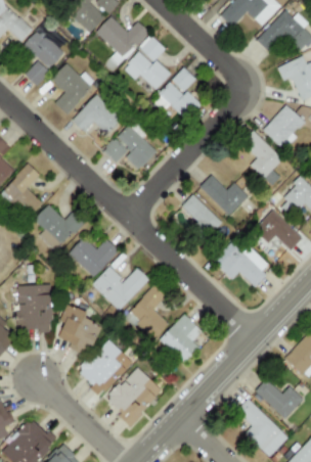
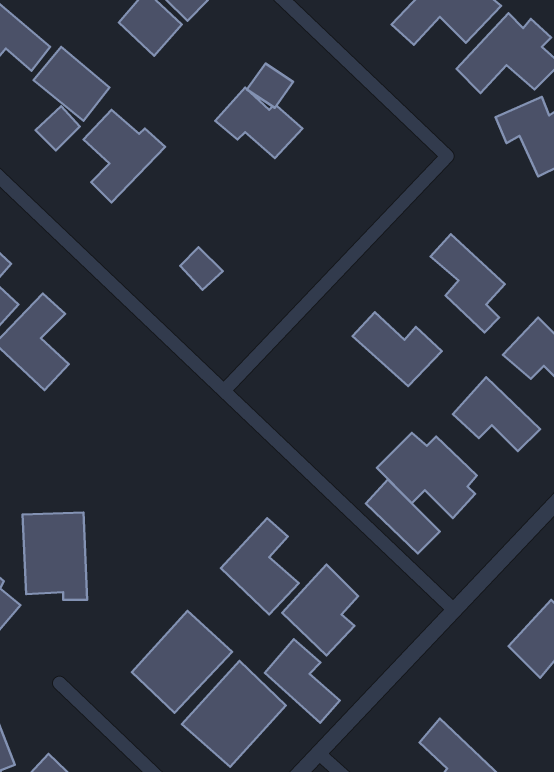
building: [95,15,149,65] -> none
building: [153,67,199,118] -> none
building: [71,94,121,134] -> none
building: [262,104,304,150] -> none
building: [117,125,157,170] -> none
building: [180,193,221,234] -> [366,479,440,554]
building: [33,203,83,249] -> none
building: [68,236,118,276] -> none
building: [91,266,148,310] -> none
building: [57,304,100,355] -> none
building: none -> [265,639,340,723]
building: [255,378,303,418] -> none

